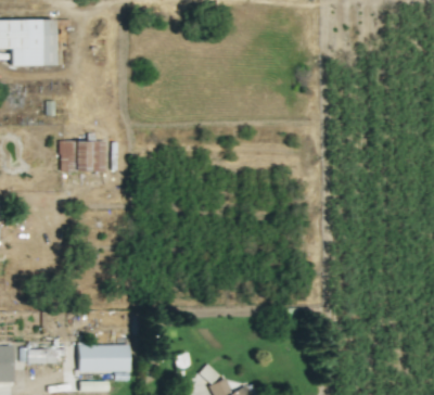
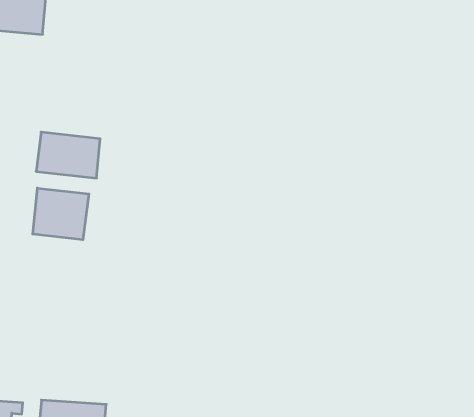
building: none -> [33,188,89,240]

